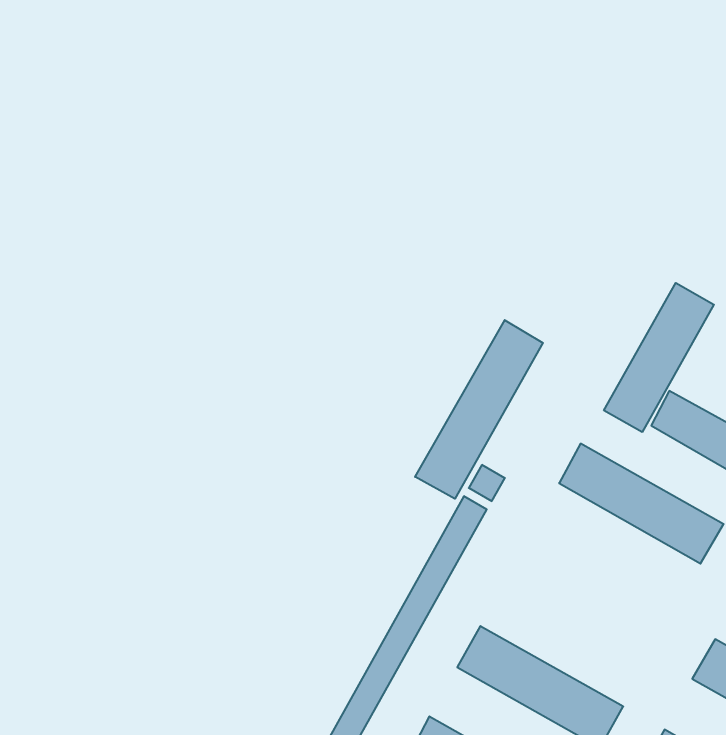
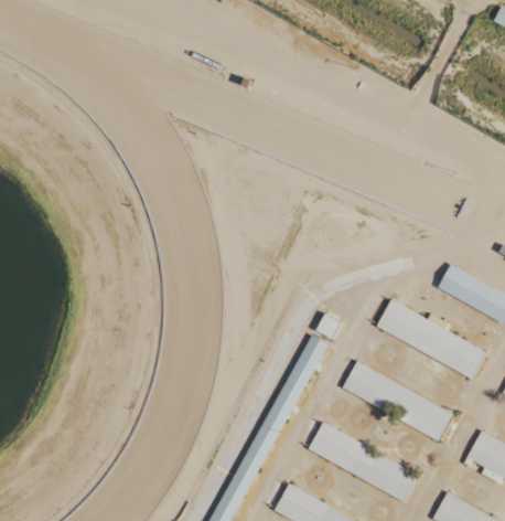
building: [604,283,714,432] -> none
building: [415,320,543,499] -> none
building: none -> [342,360,453,442]

